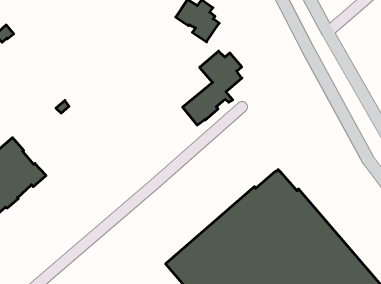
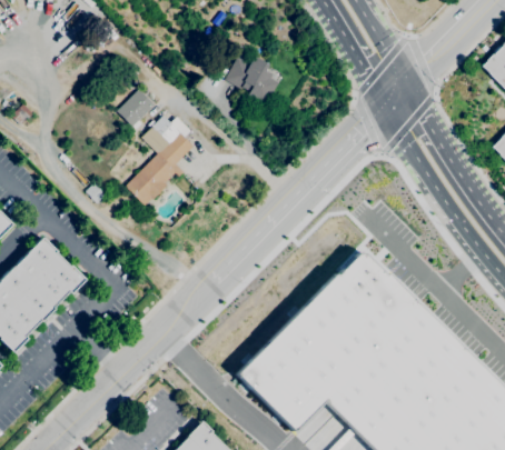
building: none -> [118,89,155,129]
building: [183,51,242,125] -> [126,116,194,206]

